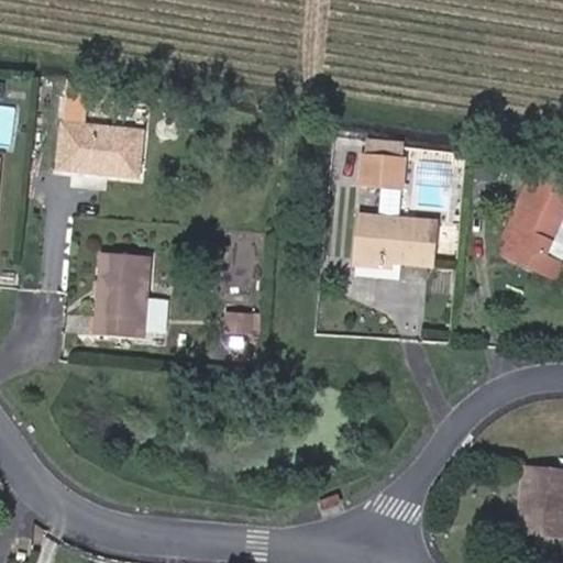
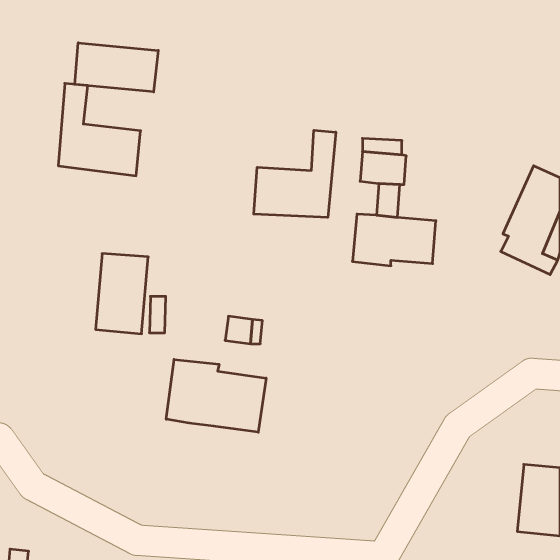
building: none -> [75,43,158,92]
building: none -> [254,130,336,217]
building: none -> [166,359,266,432]

